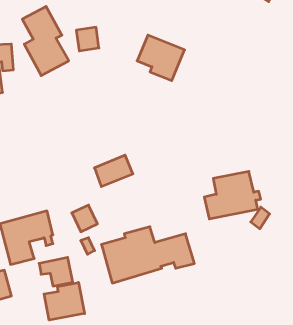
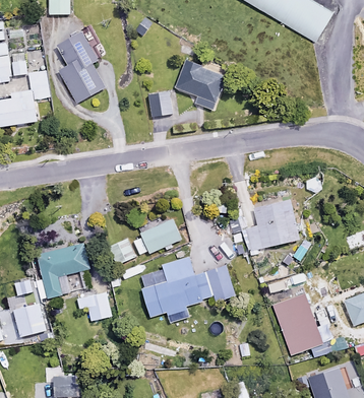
building: [76,27,99,51] -> [148,92,172,117]
building: [94,155,133,187] -> [141,220,181,253]
building: none -> [272,292,323,355]
building: [44,282,85,320] -> none

